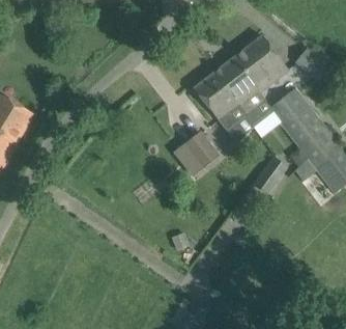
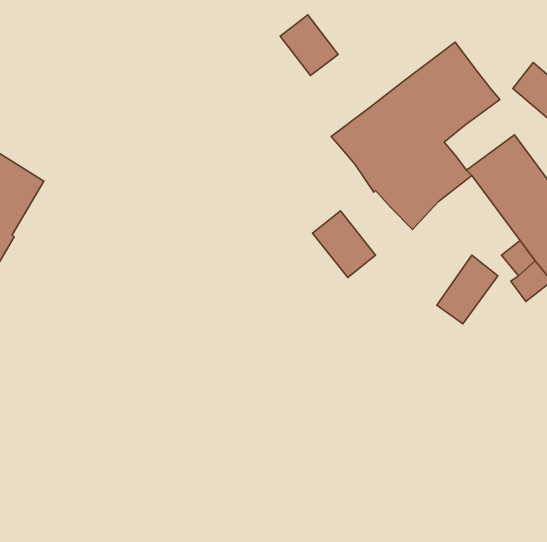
building: none -> [280,15,338,75]

